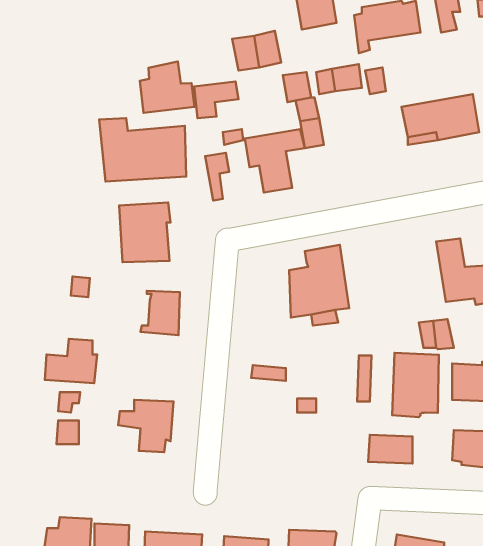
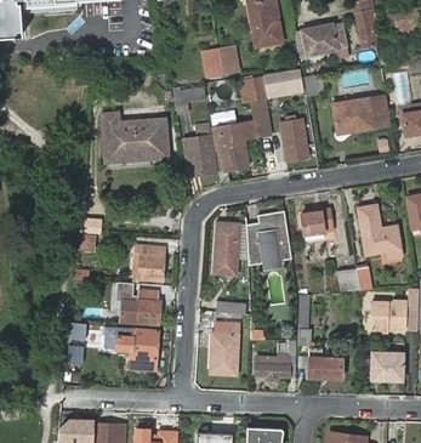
building: [140,61,194,113] -> none
building: none -> [281,119,308,160]
building: none -> [193,137,216,175]
building: [119,202,171,262] -> none
building: none -> [302,210,334,234]
building: none -> [212,222,239,273]
building: [45,339,97,383] -> [120,289,160,323]
building: [392,353,439,417] -> none
building: none -> [210,323,237,374]
building: none -> [256,343,296,376]

